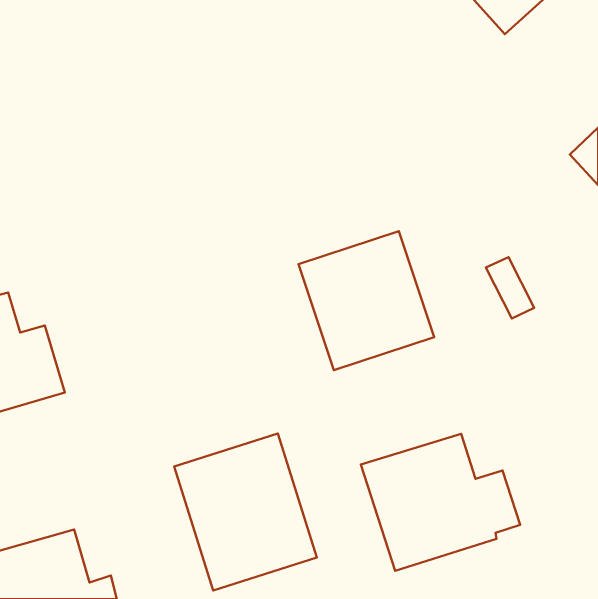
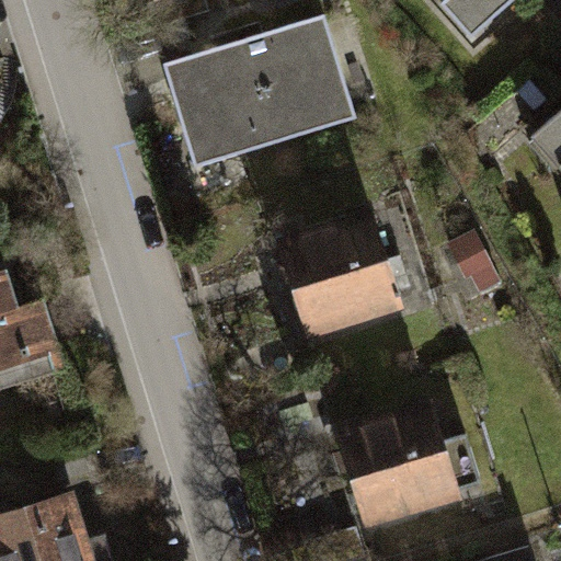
building: none -> [164,15,356,171]
building: [174,433,317,591] -> none

